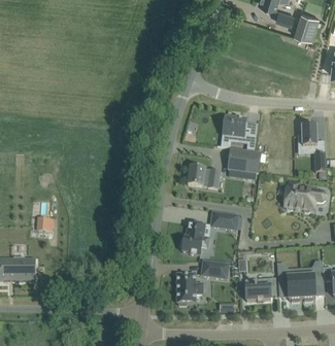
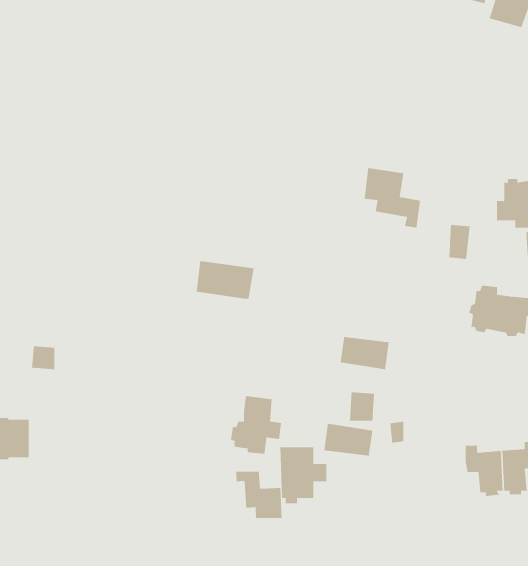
building: [228,149,261,174] -> none
building: [188,167,221,188] -> [196,261,255,299]
building: [180,222,209,255] -> [230,395,282,454]
building: [245,278,277,302] -> none
building: none -> [236,471,282,519]

